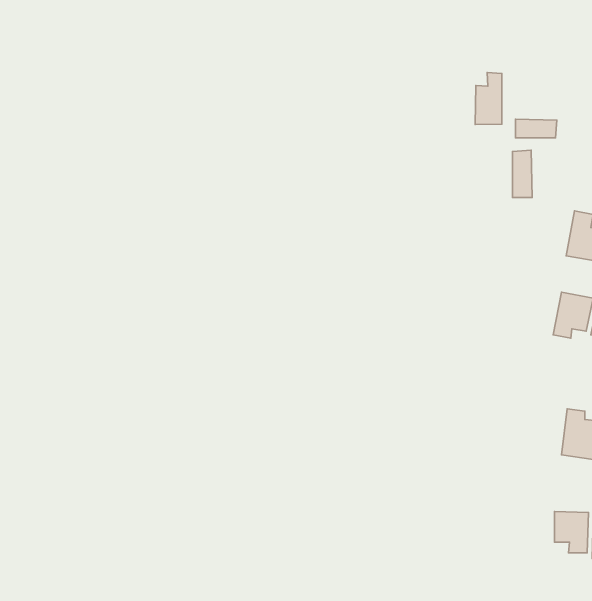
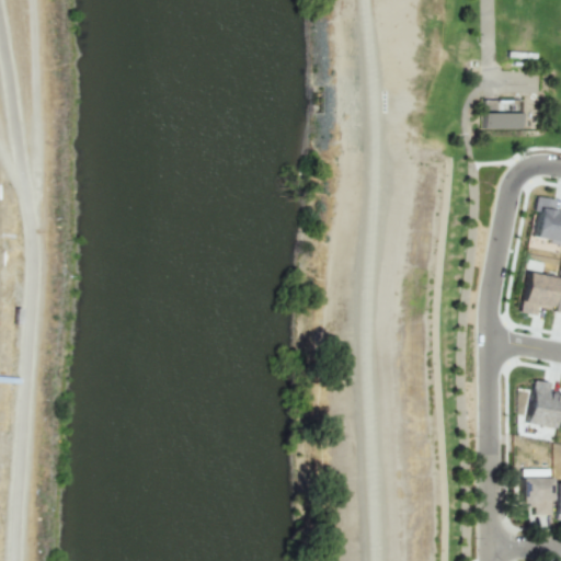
building: [475,73,502,125] -> none
building: [513,150,532,197] -> none

